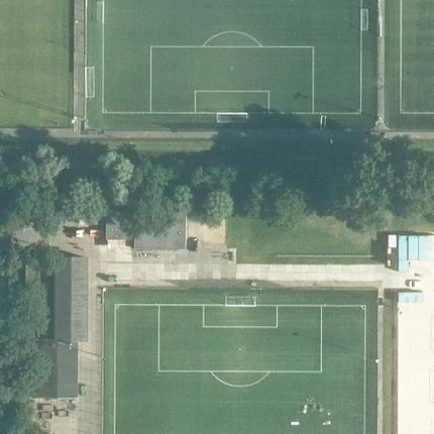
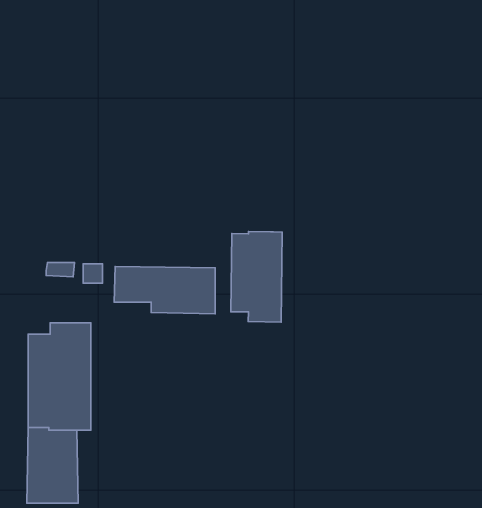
building: none -> [231,232,282,322]

